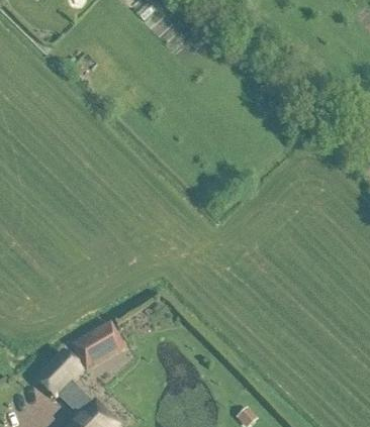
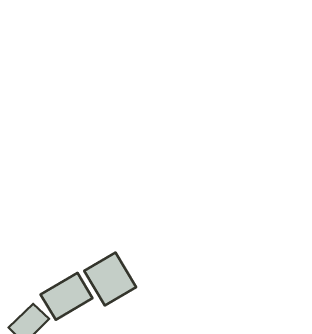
building: none -> [84,252,136,305]

